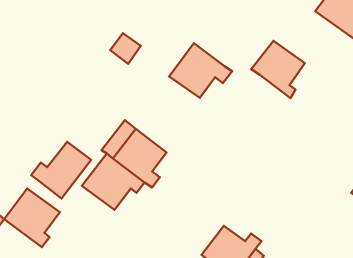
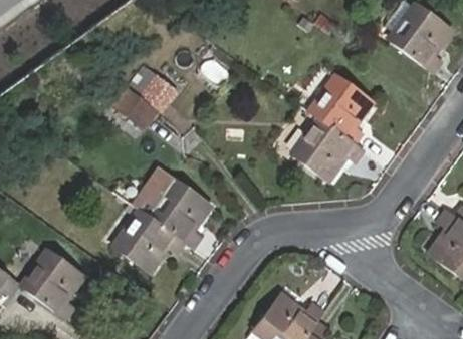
building: [169,43,232,98] -> [291,116,366,181]
building: none -> [118,82,159,121]
building: [31,142,91,199] -> none

